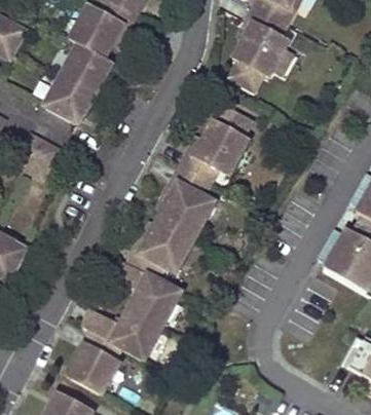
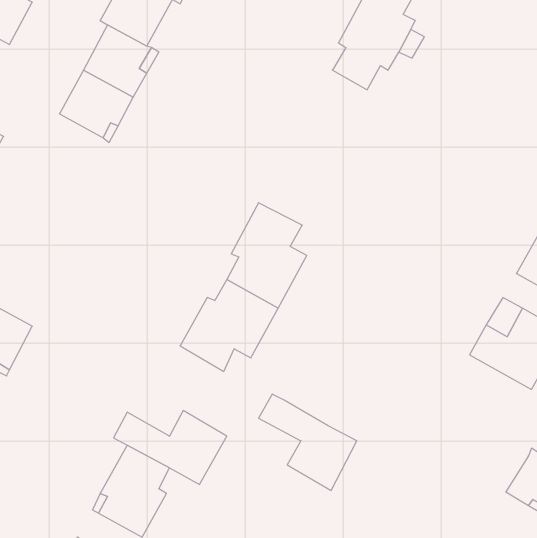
building: [180,109,249,181] -> none
building: [13,133,60,179] -> none
building: [109,259,176,325] -> [259,394,357,491]

